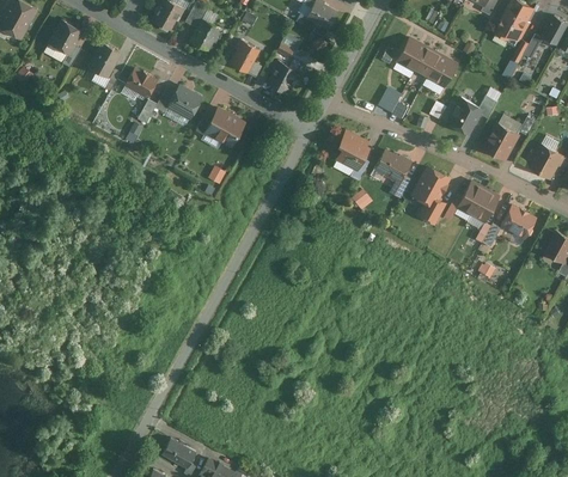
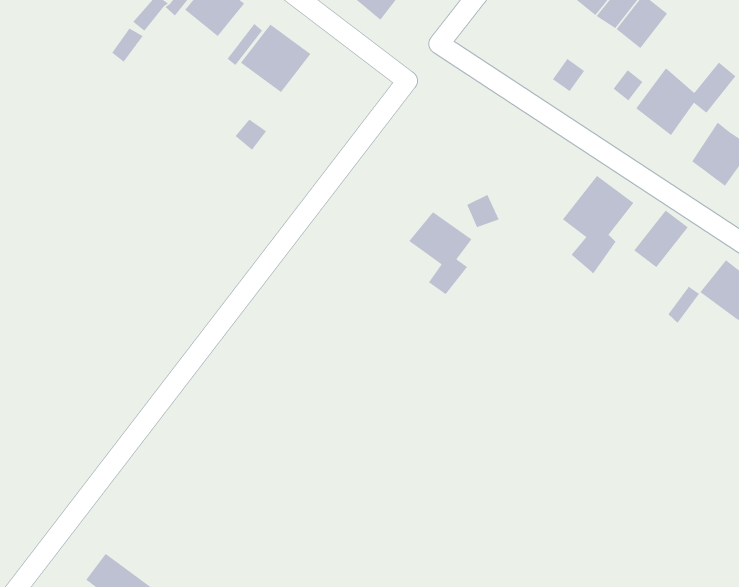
building: [336,130,372,172] -> none
building: [374,151,413,200] -> [408,211,473,295]
building: [472,189,502,243] -> none

